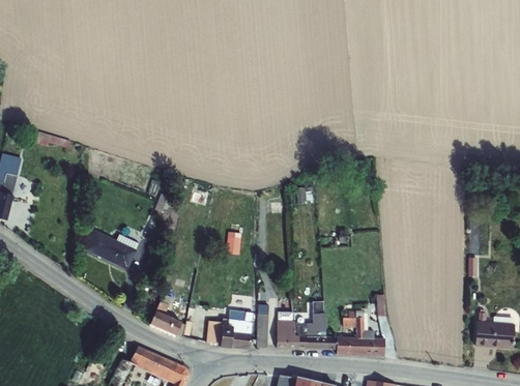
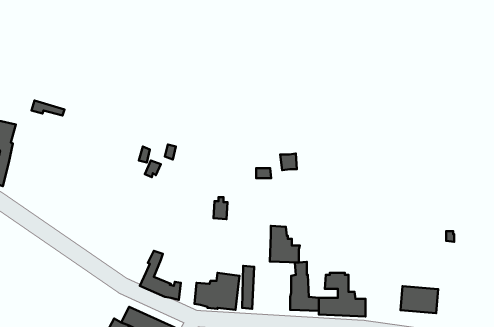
building: [85,230,139,269] -> none
building: [277,310,308,349] -> [270,226,300,263]
building: [475,321,515,349] -> [400,286,438,313]

